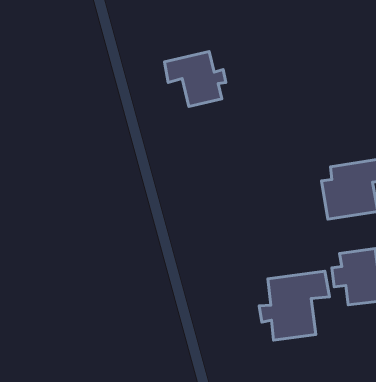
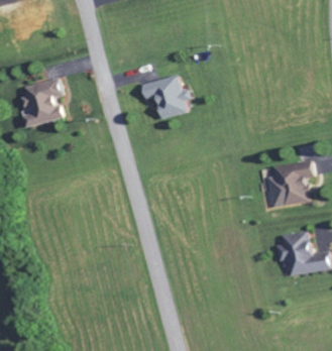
building: none -> [20,79,63,127]
building: [259,271,329,340] -> none

